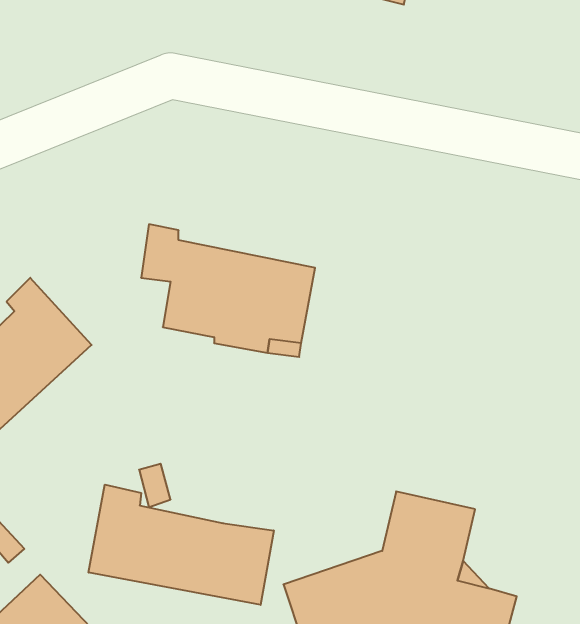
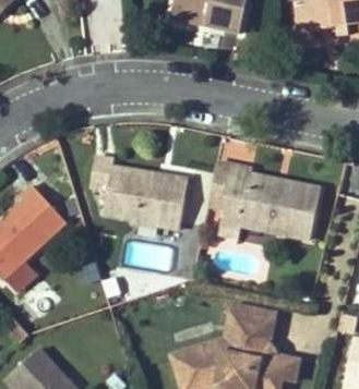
building: none -> [211,161,321,236]
building: [89,485,274,605] -> none

